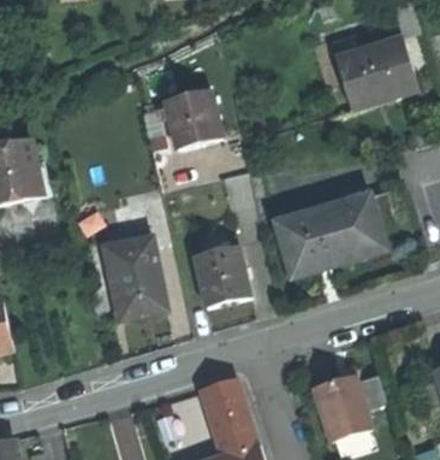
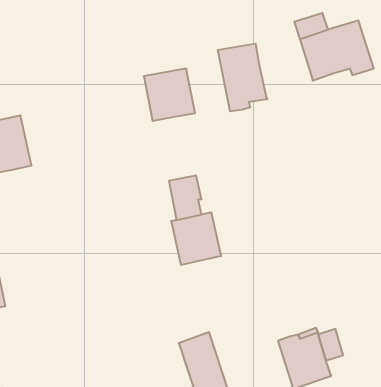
building: none -> [218,44,267,111]
building: [275,194,383,275] -> none
building: [103,237,165,322] -> none

